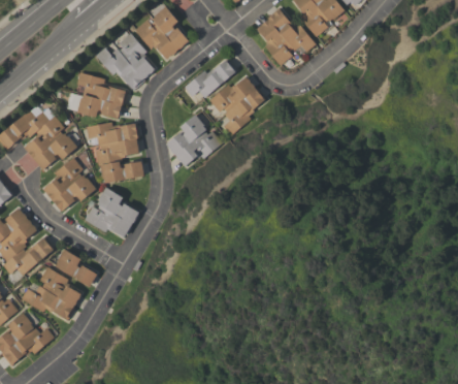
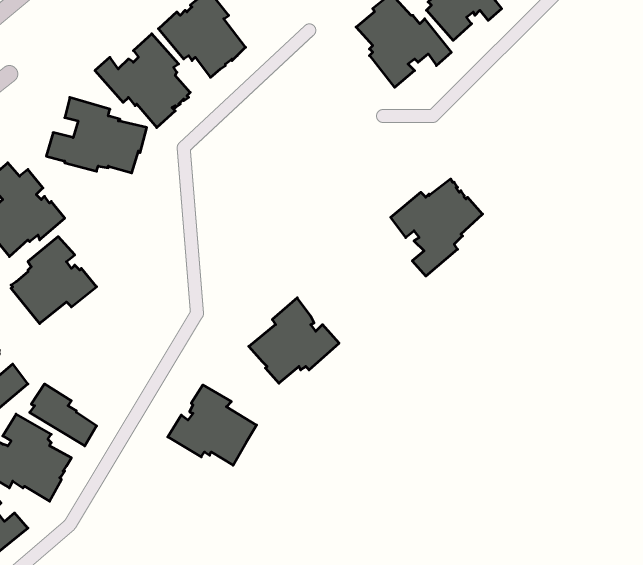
building: [184,58,236,97] -> none
building: [208,75,265,135] -> [391,179,483,276]
building: [165,114,221,166] -> [249,298,339,383]
building: [86,121,143,183] -> none
building: [84,187,138,236] -> [168,385,257,465]

